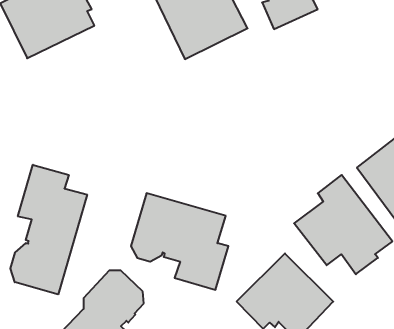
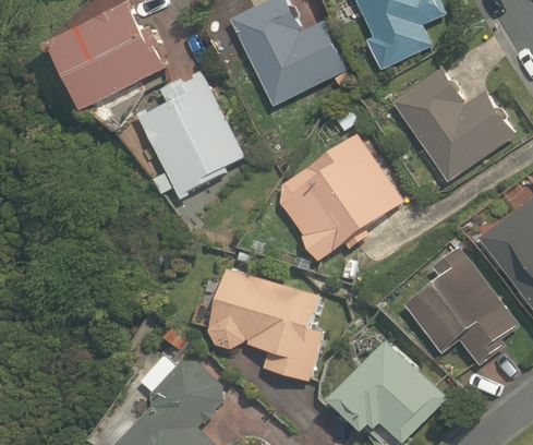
building: none -> [136,69,244,200]
building: none -> [392,69,514,180]
building: none -> [281,133,403,261]
building: [10,165,87,294] -> none

